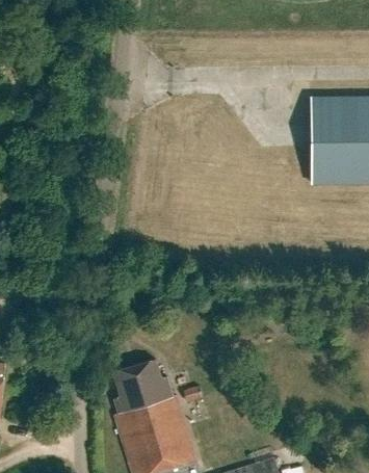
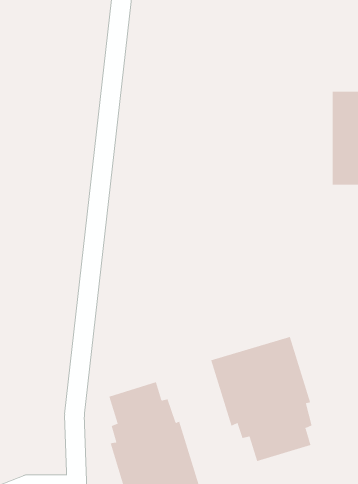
building: none -> [211,336,312,462]

